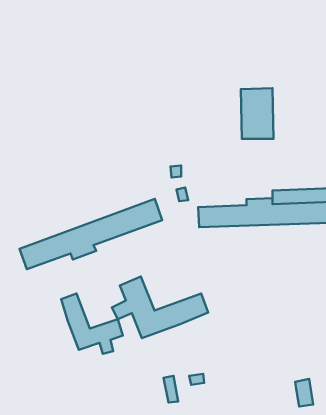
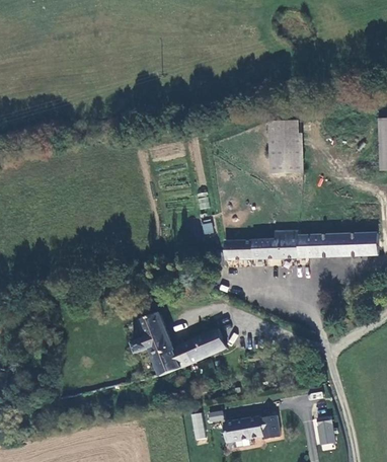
building: [20,199,162,269] -> none
building: [61,294,123,354] -> none
building: none -> [228,415,284,447]

